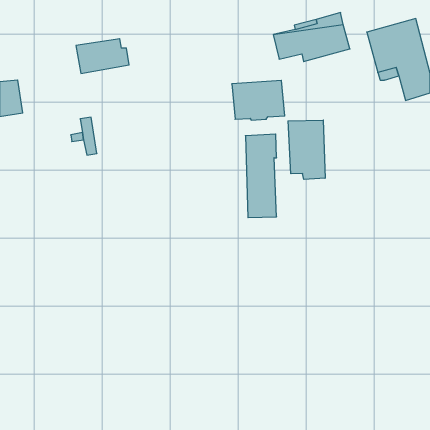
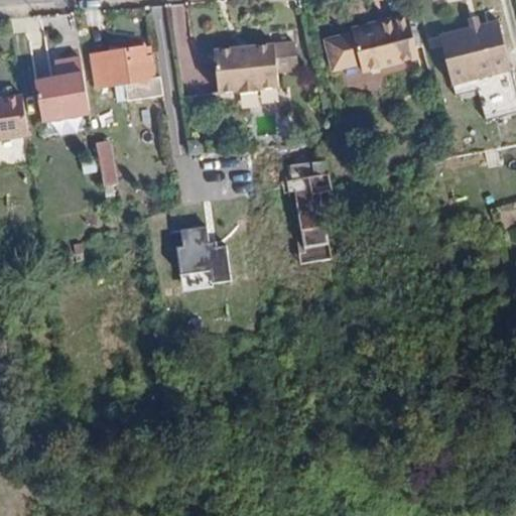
building: none -> [33,50,88,112]
building: [232,80,285,120] -> [214,44,277,92]
building: [288,120,325,179] -> none
building: none -> [176,225,234,289]

